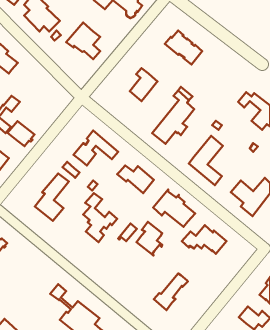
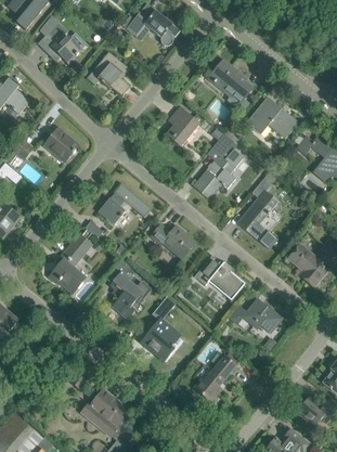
building: none -> [246,95,298,138]
building: [8,121,34,146] -> [46,128,78,158]
building: [136,222,162,256] -> [144,319,176,360]

